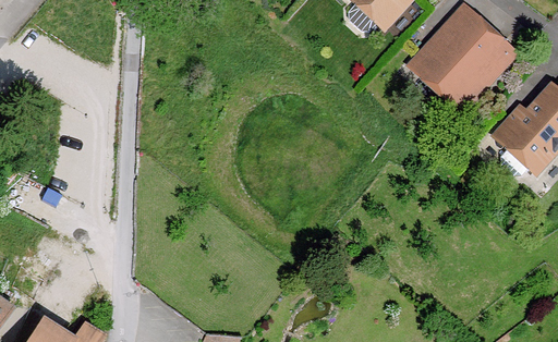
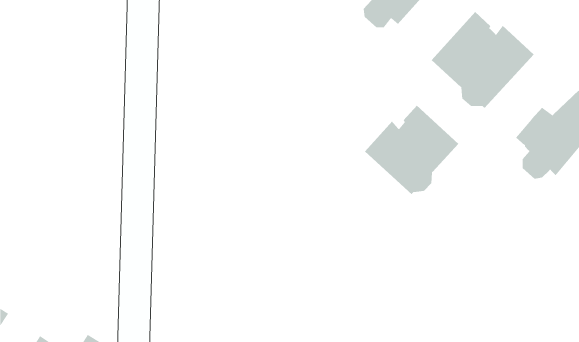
building: none -> [364,105,459,195]

